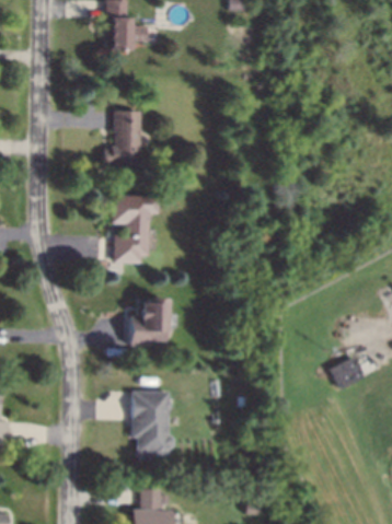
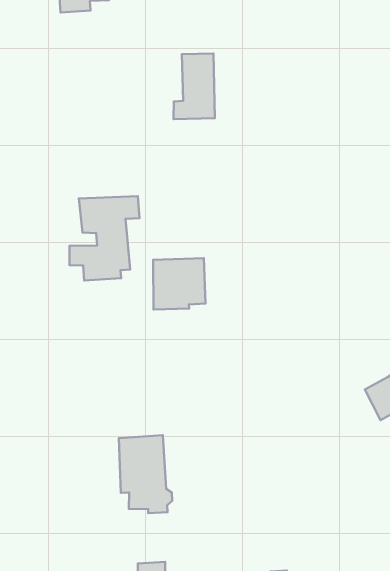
building: [105,112,140,164] -> [173,53,215,119]
building: [126,307,169,348] -> [153,258,205,309]

